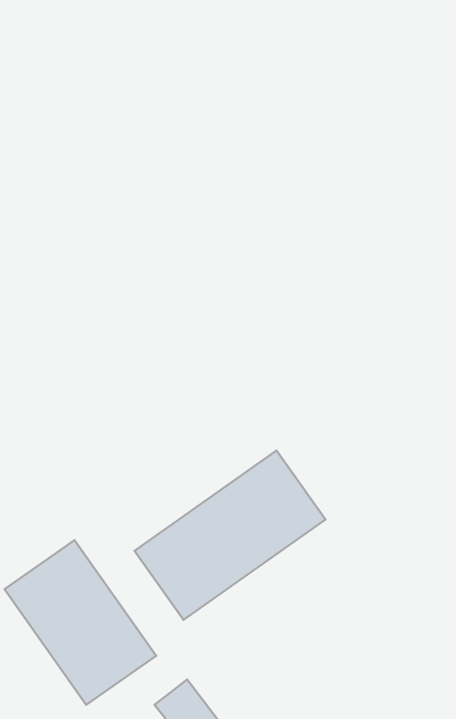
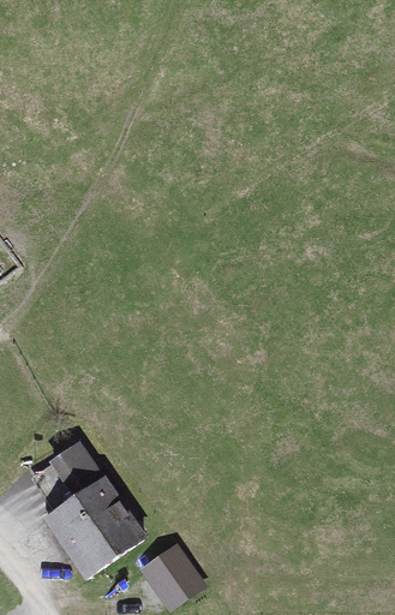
building: [135,451,326,620] -> none

